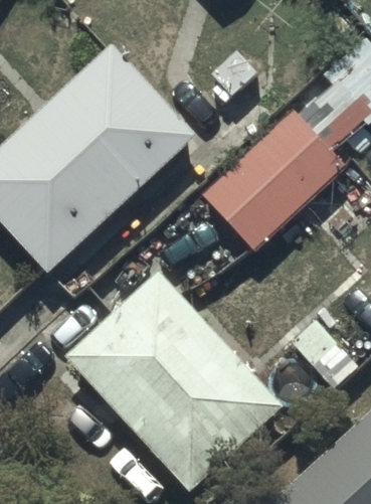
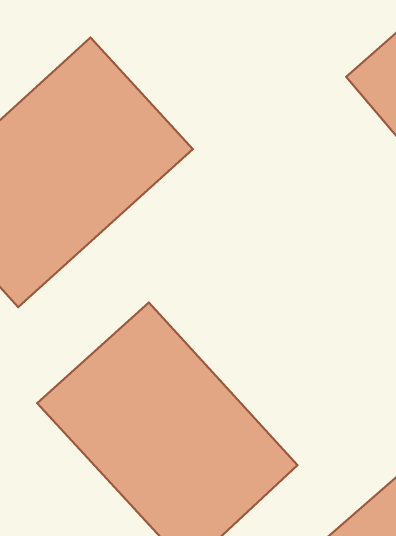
building: [202,114,345,253] -> none

